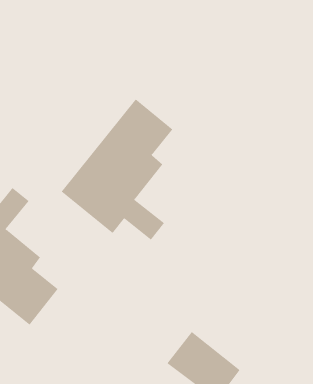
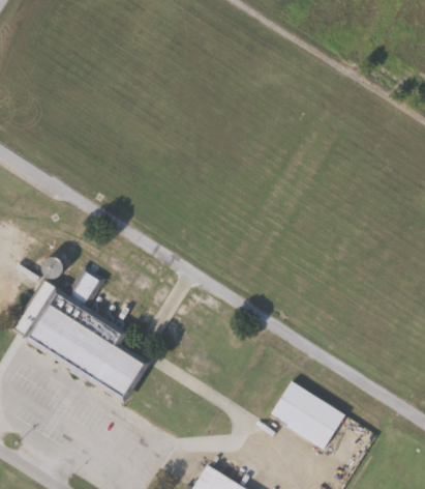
building: [61,98,173,241] -> none

